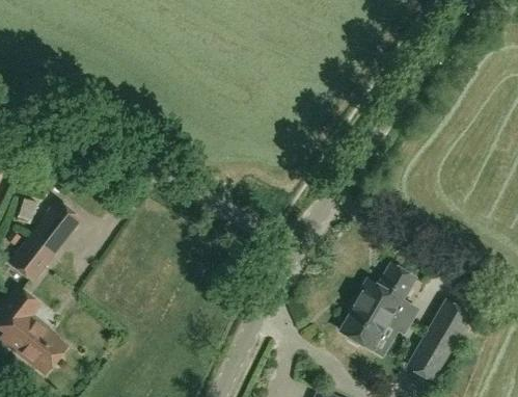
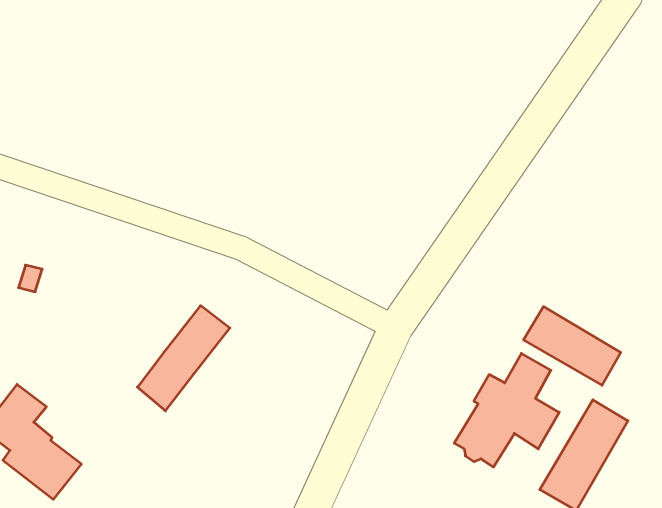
building: [11,203,80,281] -> [137,306,230,411]
building: none -> [524,307,621,385]

